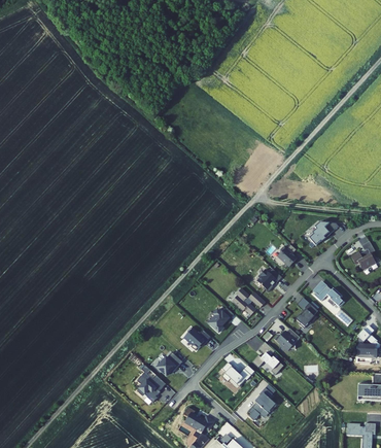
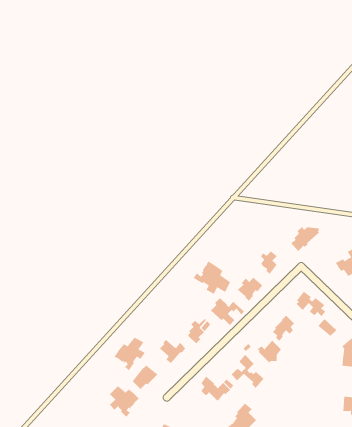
building: none -> [193,260,231,295]
building: none -> [114,337,145,371]

